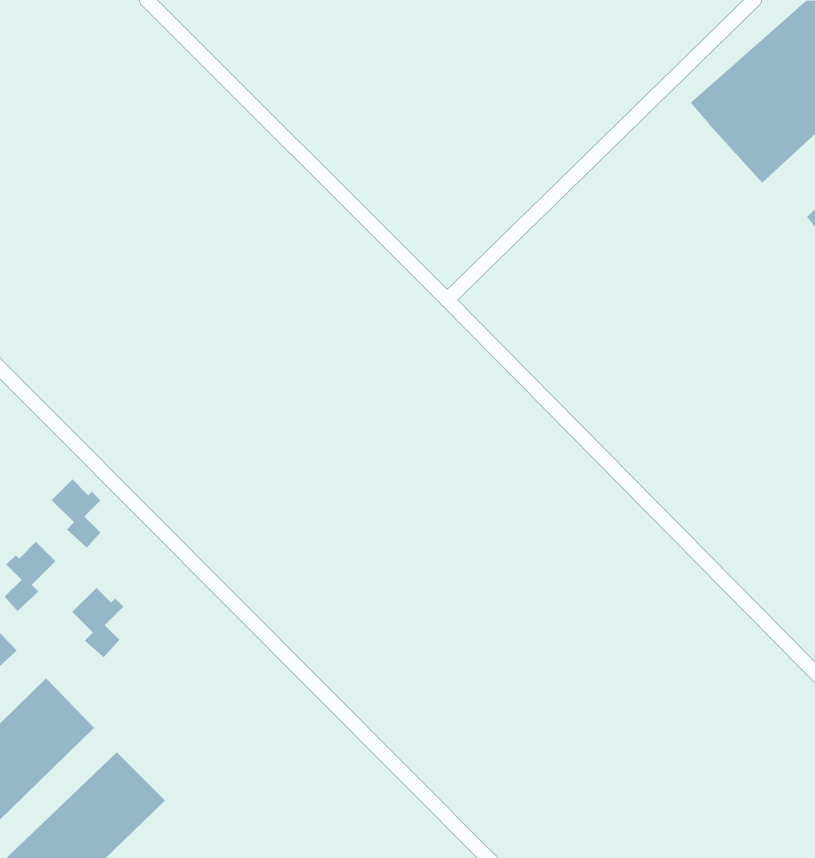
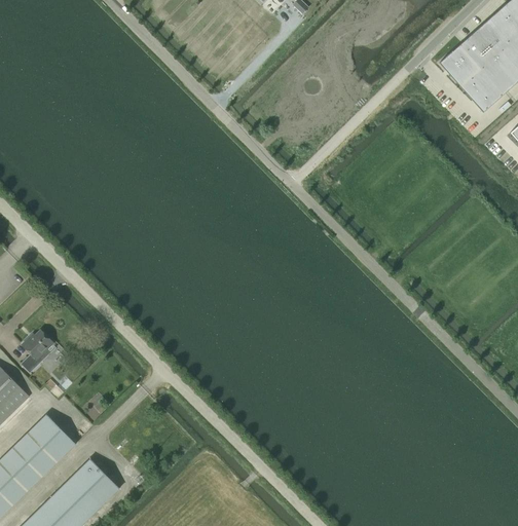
building: [51,479,101,548] -> none
building: [72,587,124,658] -> none

